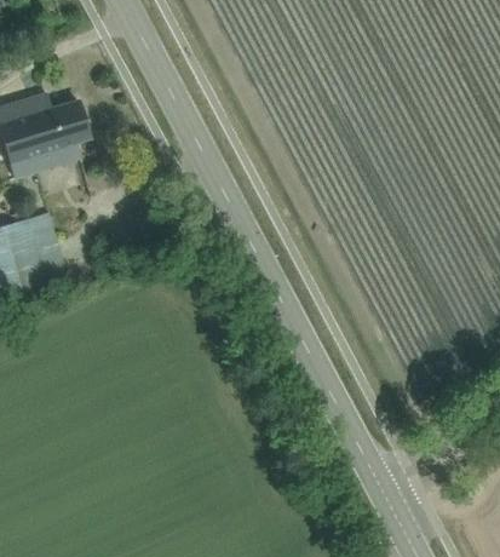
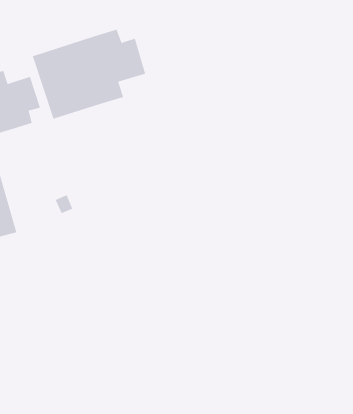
building: none -> [32,29,146,119]

